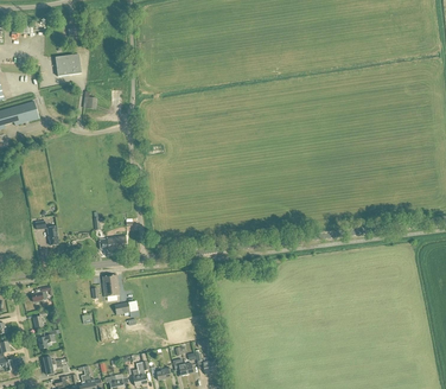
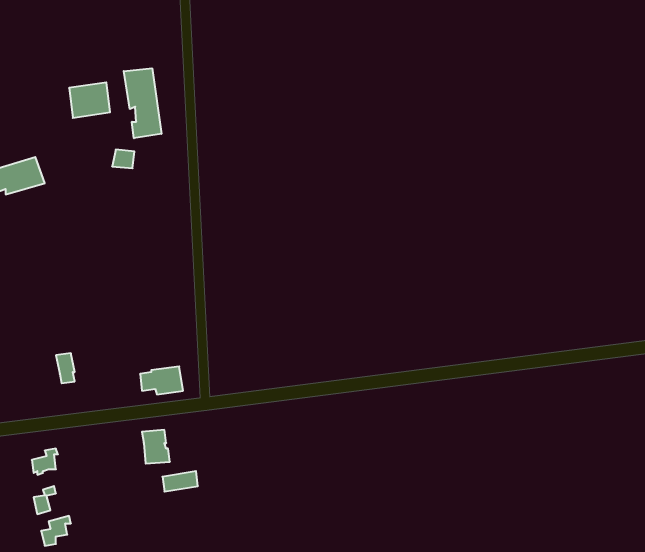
building: none -> [124,68,161,138]

